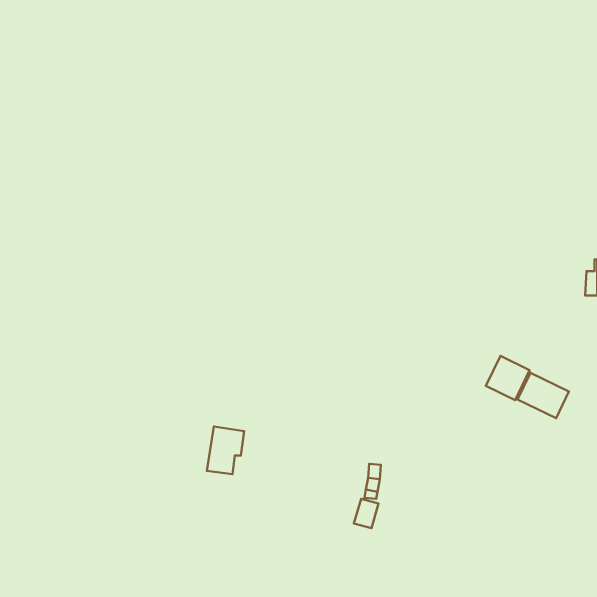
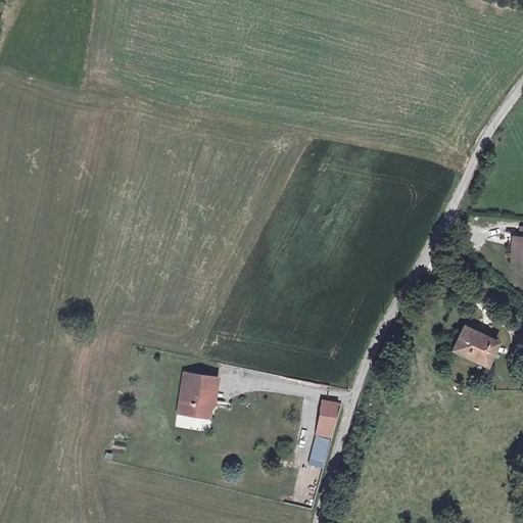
building: [486,356,530,400] -> none

